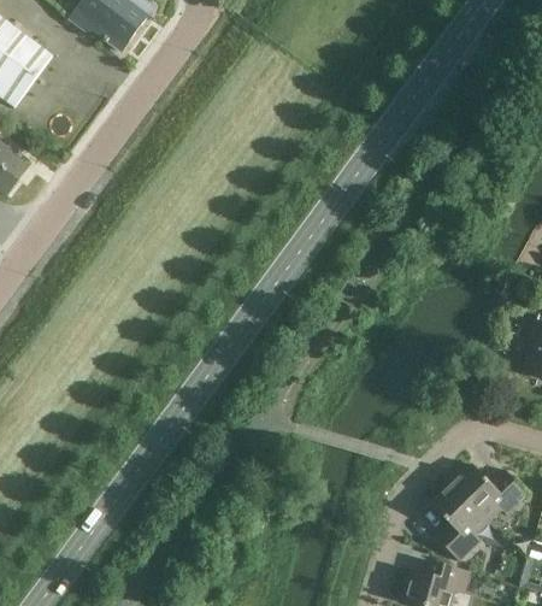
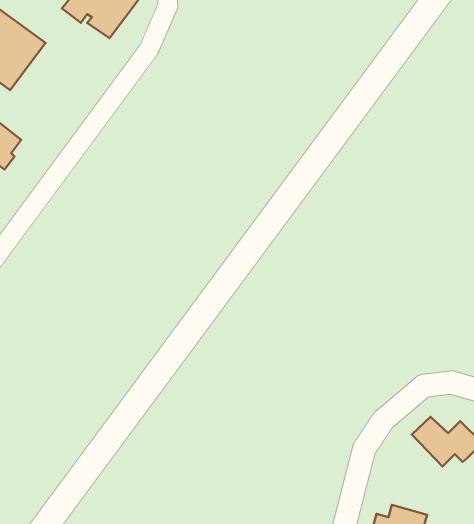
building: [431,483,485,560] -> none

